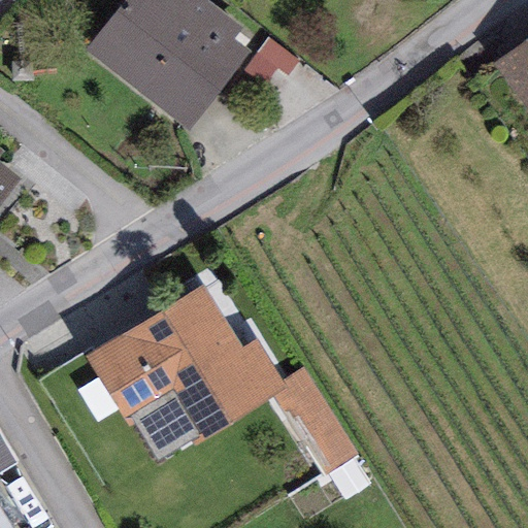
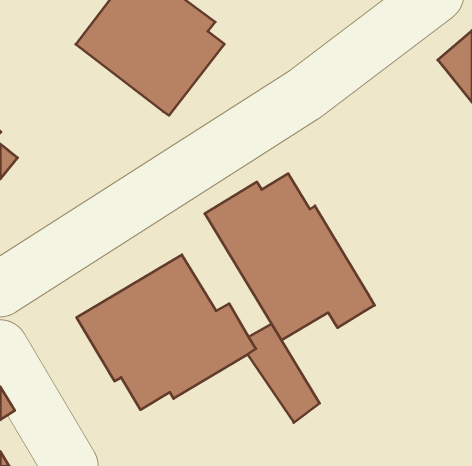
building: none -> [205,174,375,340]

